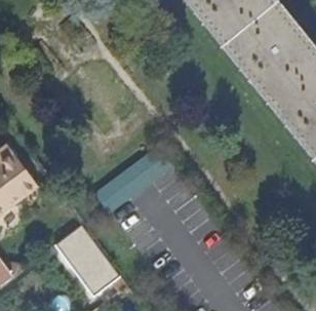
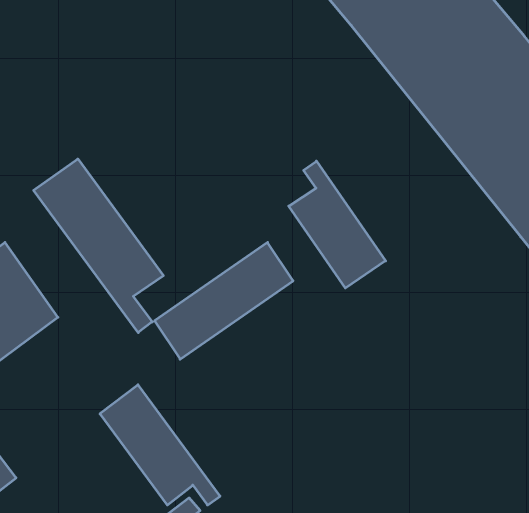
building: none -> [34,159,163,333]
building: none -> [289,161,386,288]

